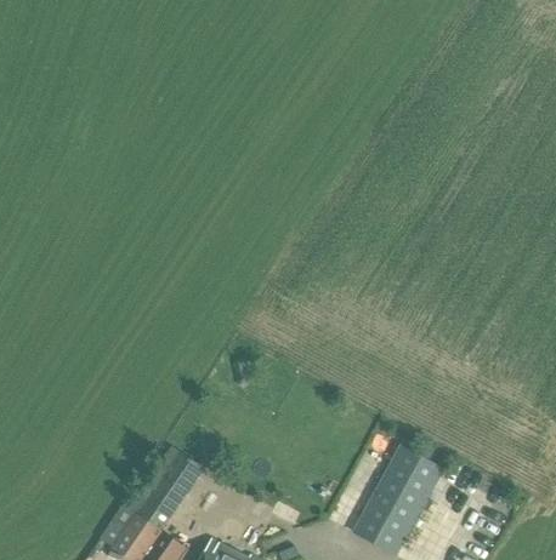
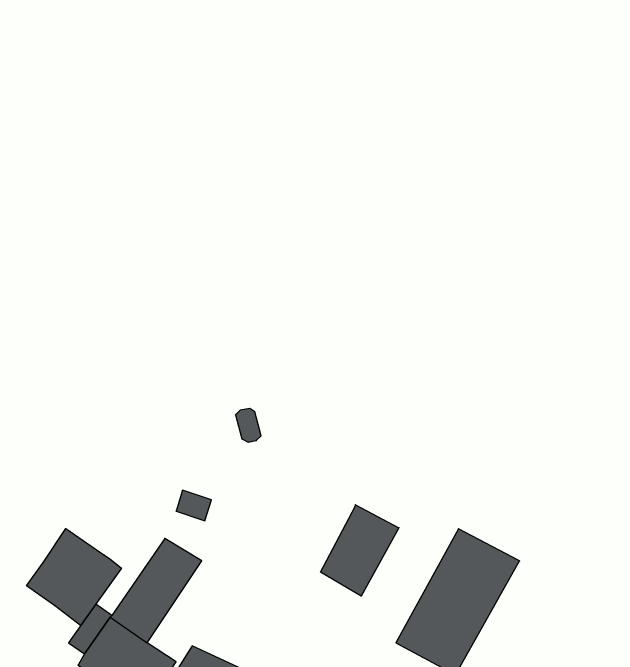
building: none -> [321,505,399,596]
building: none -> [27,529,121,626]

